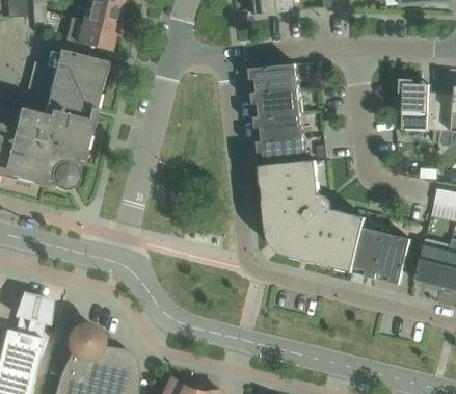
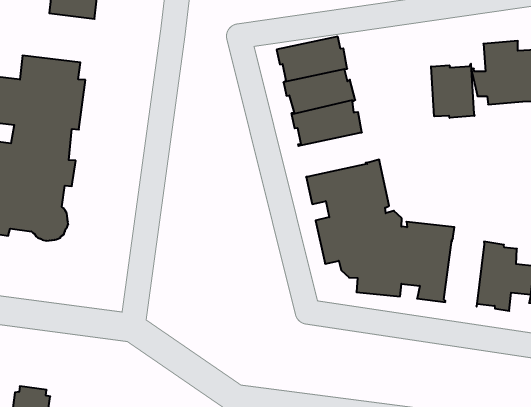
building: [77,20,116,51] -> none
building: none -> [431,64,474,118]
building: [257,137,309,165] -> none
building: [351,225,386,278] -> none

